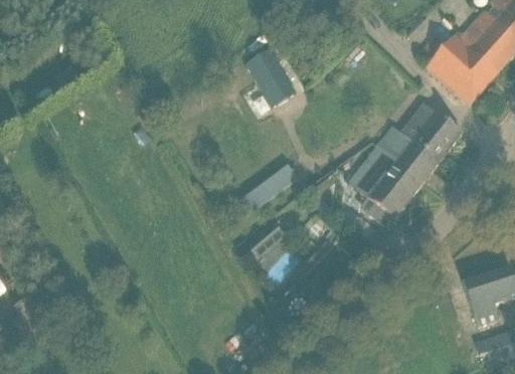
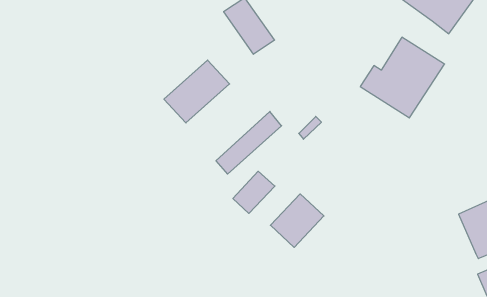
building: none -> [164,60,230,123]
building: [349,146,422,223] -> none
building: none -> [270,194,324,247]

